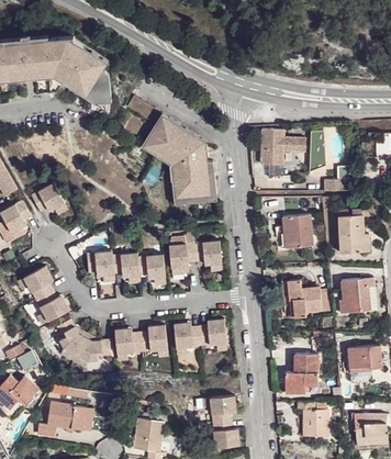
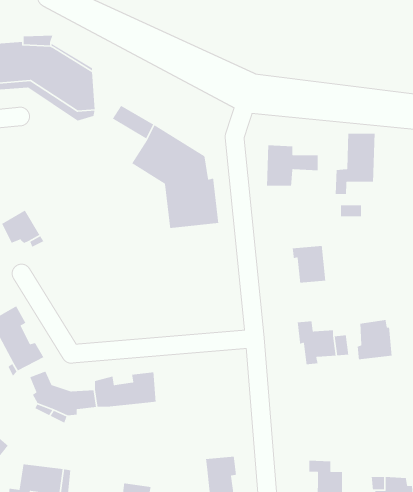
building: none -> [335,133,375,195]
building: [338,216,369,254] -> none
building: [168,244,221,273] -> none
building: [87,254,165,283] -> none
building: [171,320,225,350] -> none
building: [347,346,381,369] -> none
building: [284,355,317,387] -> none

